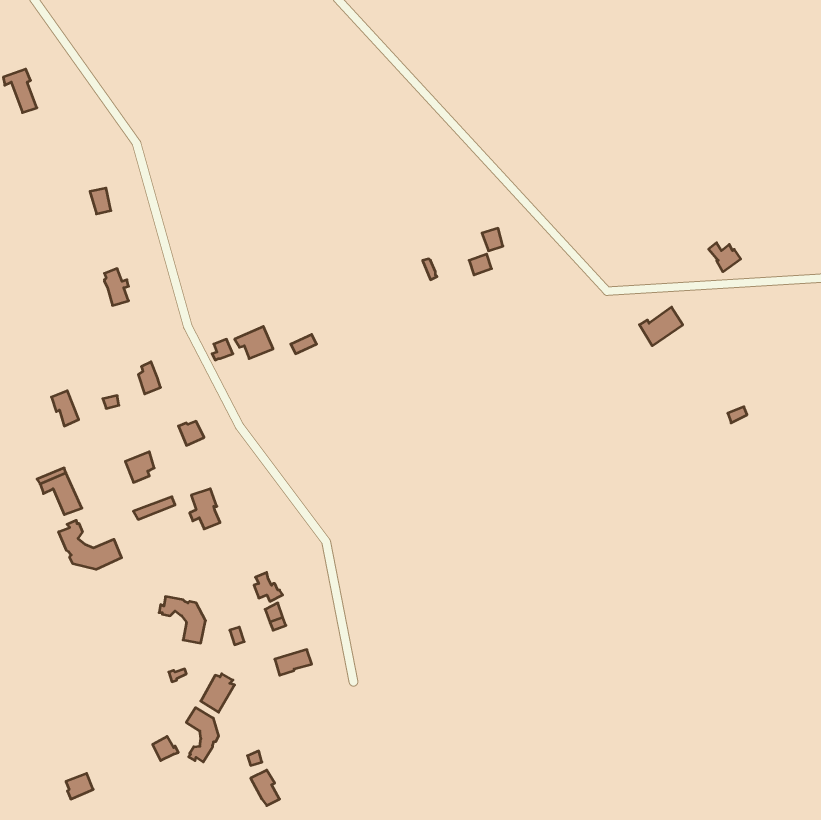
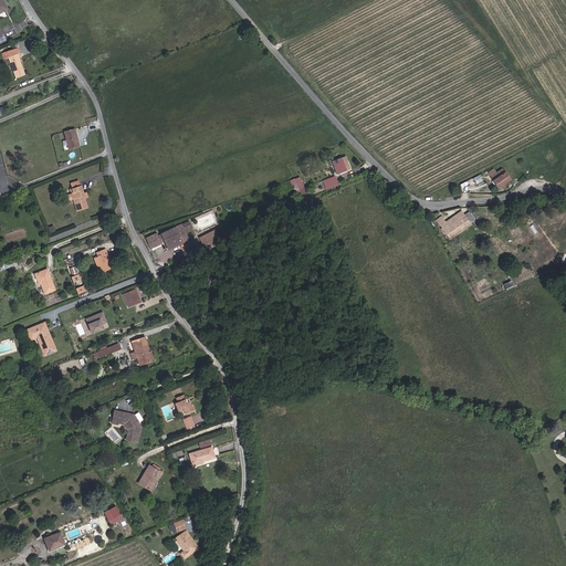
building: [59,520,122,569] -> none
building: [186,708,219,762] -> none

